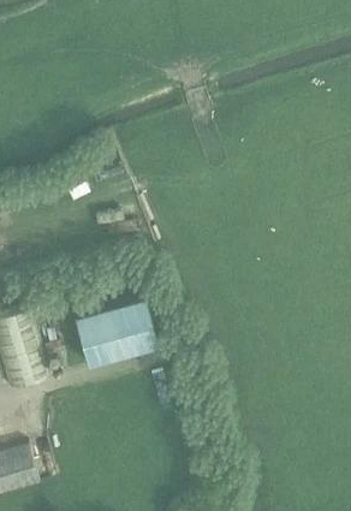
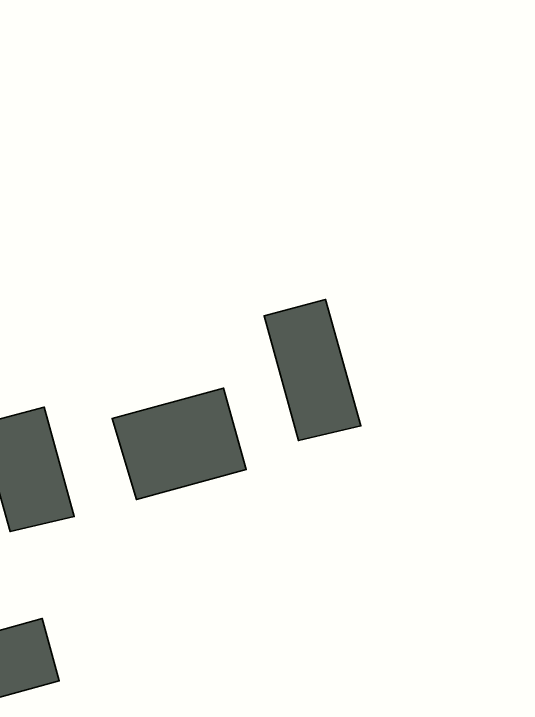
building: none -> [264,299,361,440]

